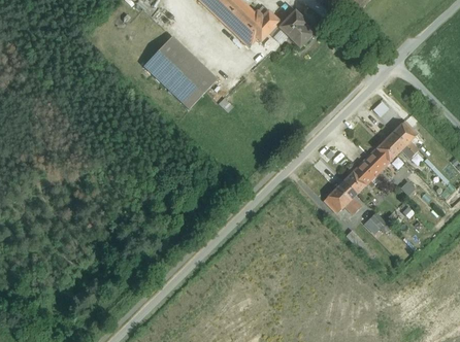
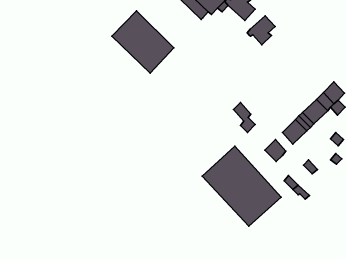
building: none -> [247,16,275,45]
building: [335,178,361,213] -> [233,103,255,132]
building: none -> [202,146,281,226]

